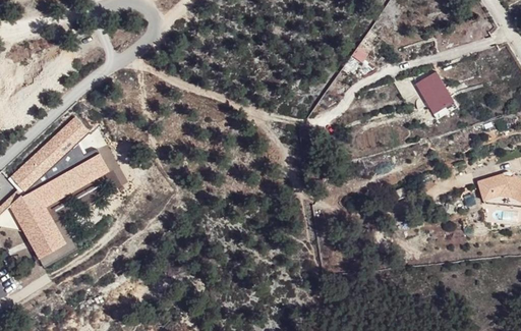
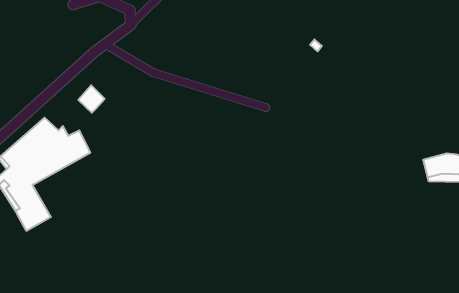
building: [417,70,454,113] -> none
building: [58,117,88,148] -> [78,85,105,113]

